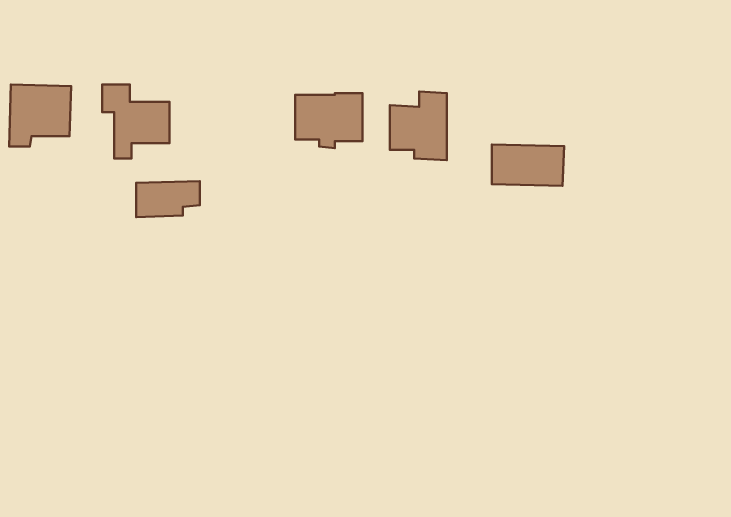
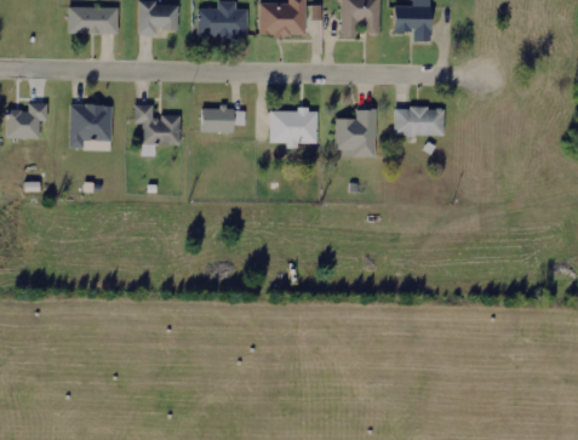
building: [492,144,564,186] -> [394,107,445,136]
building: [136,181,200,217] -> [200,107,245,132]

